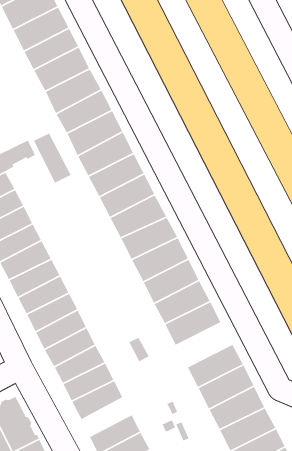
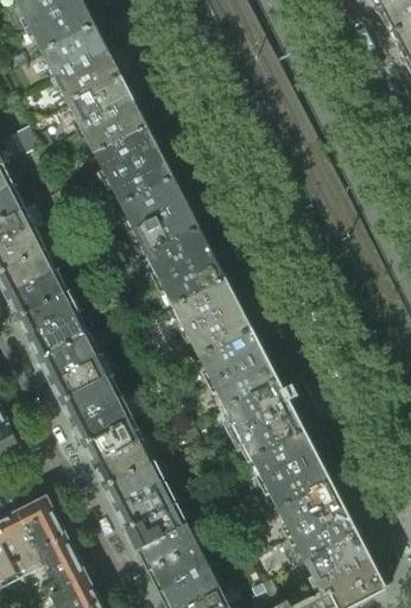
building: [33,133,72,184] -> none
building: none -> [238,408,308,463]
building: none -> [124,500,185,547]

